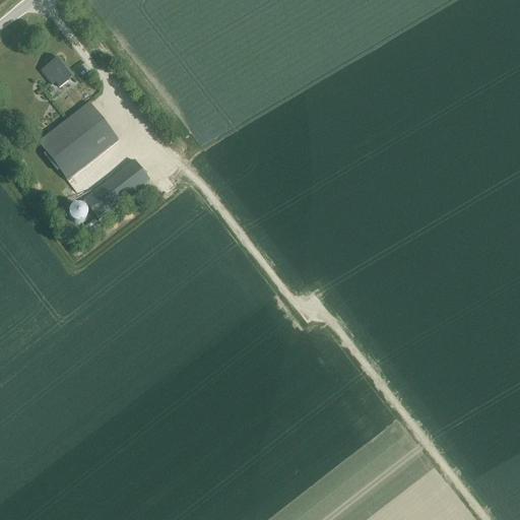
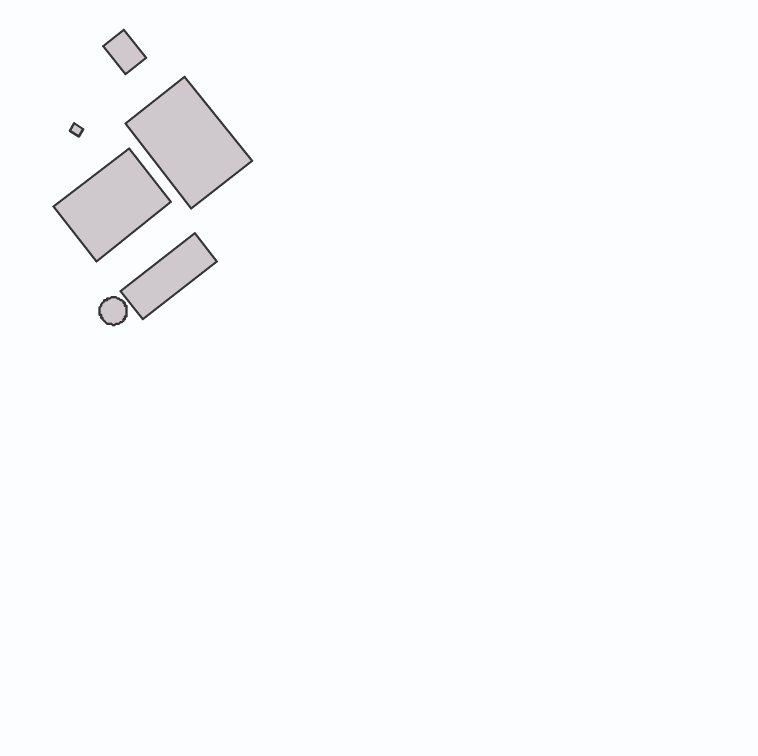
building: none -> [126,77,252,209]
building: [45,56,74,86] -> [103,30,146,74]

